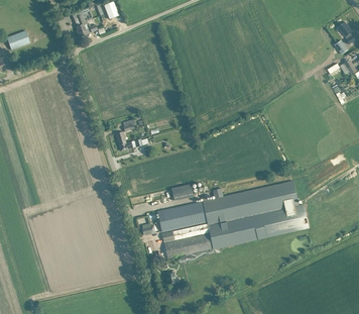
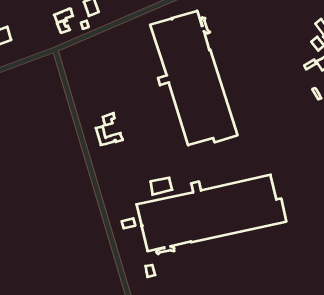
building: none -> [150,11,237,145]

